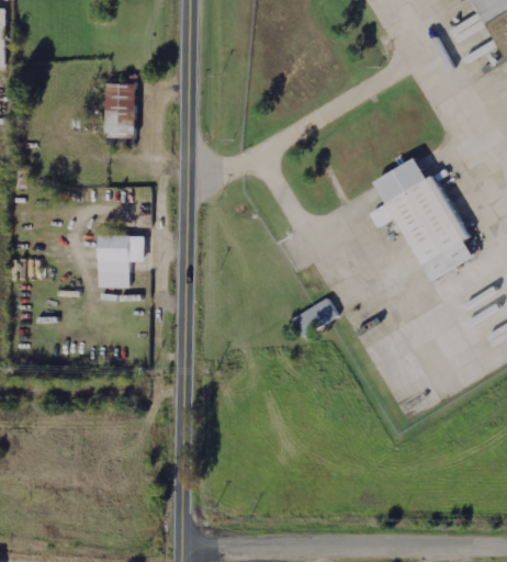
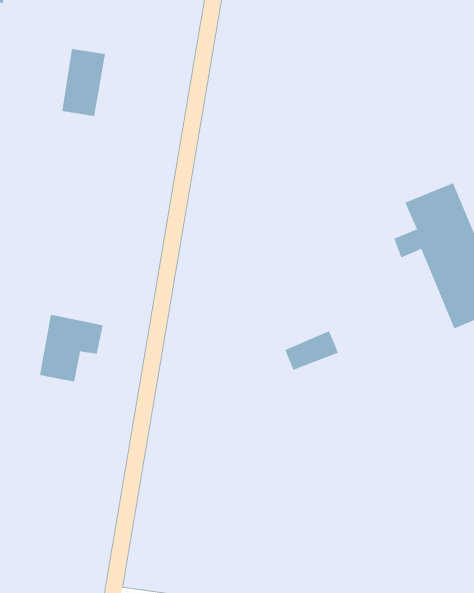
building: [109,83,138,137] -> [61,49,106,116]
building: [100,234,147,288] -> [39,314,103,382]

